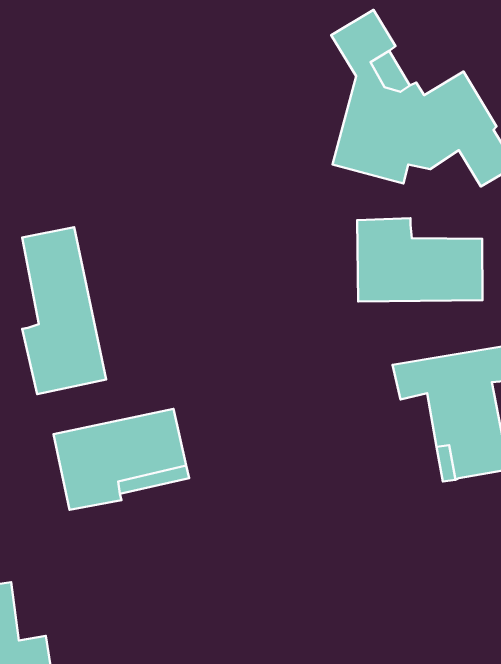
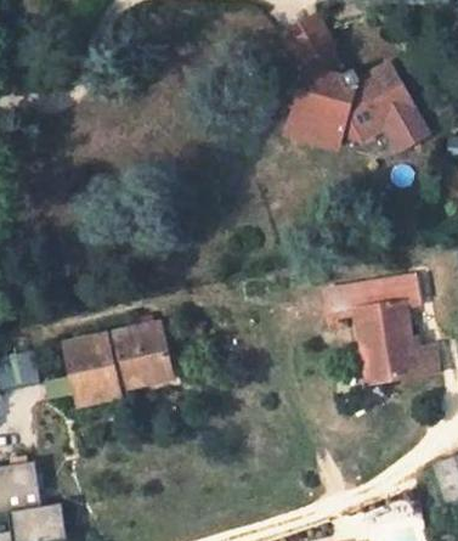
building: [357,218,482,302] -> none
building: [22,227,106,394] -> none

